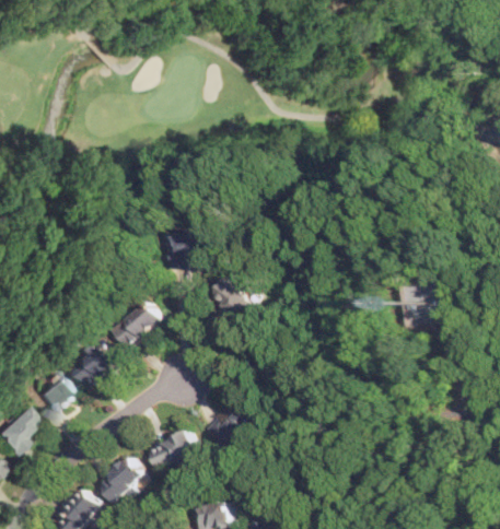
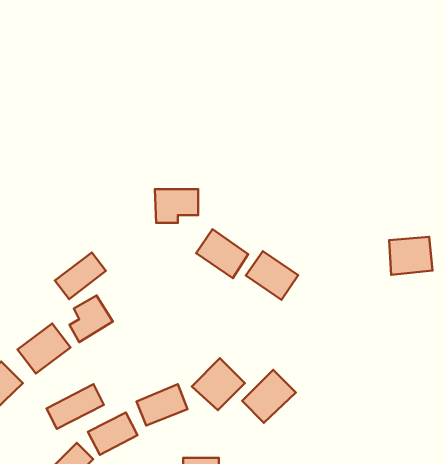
building: none -> [246,251,298,300]
building: [113,301,164,348] -> [55,252,106,299]
building: none -> [242,370,296,423]
building: none -> [46,384,104,429]

